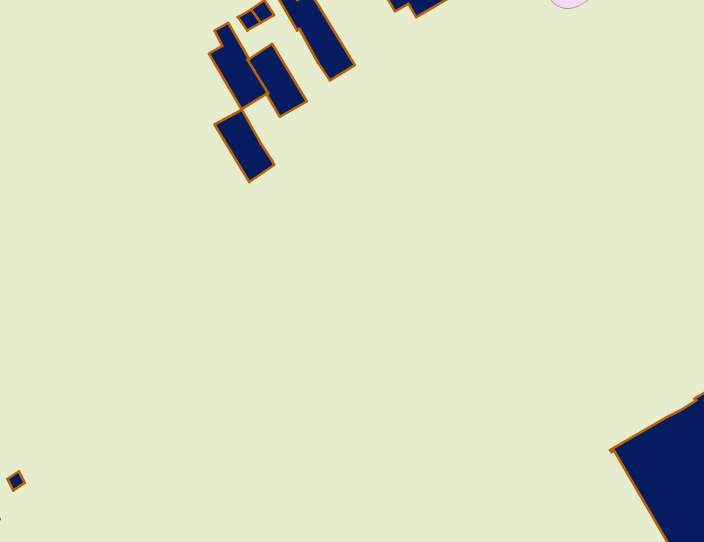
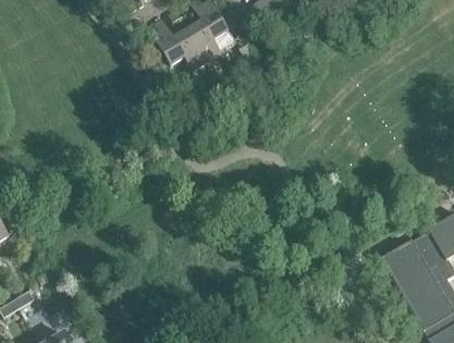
building: [215,109,274,182] -> [187,20,221,61]

